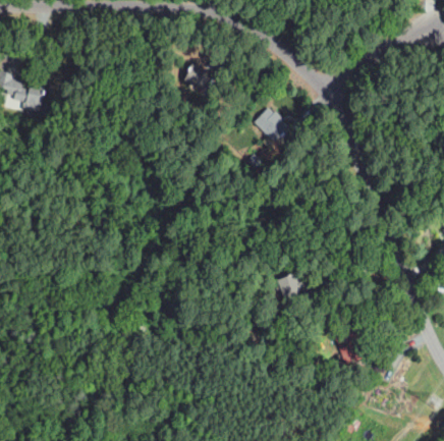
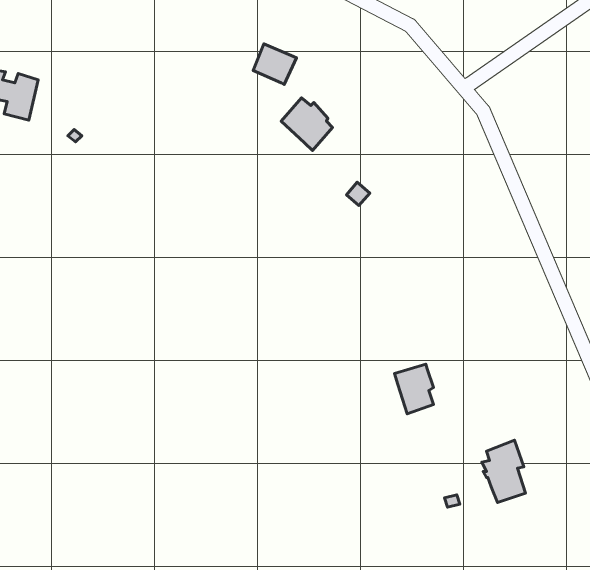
building: [254,106,287,141] -> [281,98,333,151]

